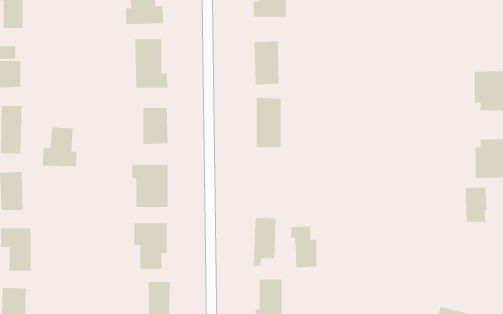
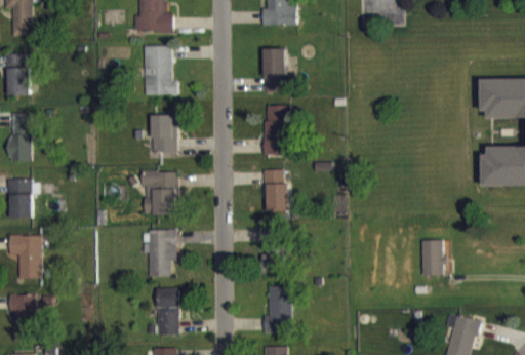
building: [42,127,77,167] -> none
building: [465,187,487,222] -> [421,240,444,275]
building: [291,226,317,268] -> [262,169,289,211]

